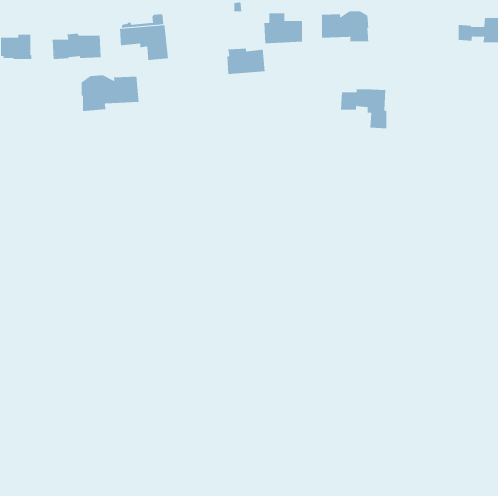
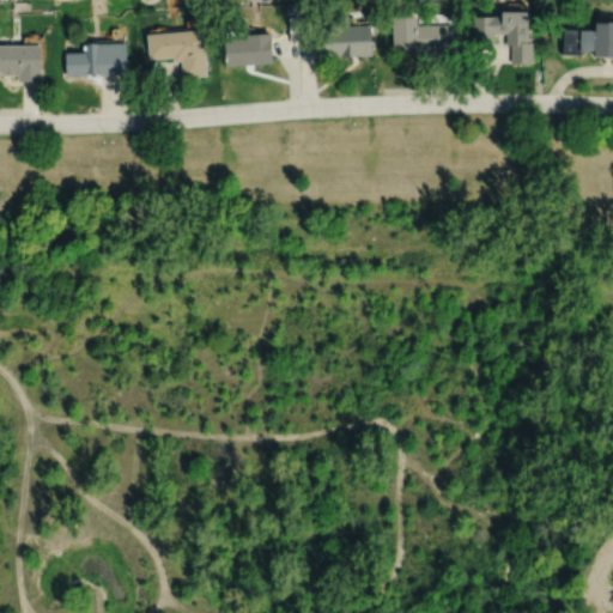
building: [226,48,266,75] -> [225,34,273,66]
building: [81,74,139,112] -> none
building: [340,89,387,129] -> [475,16,533,65]

